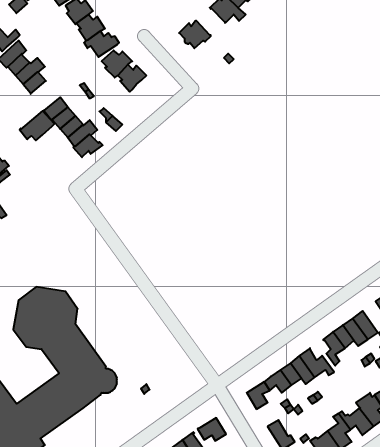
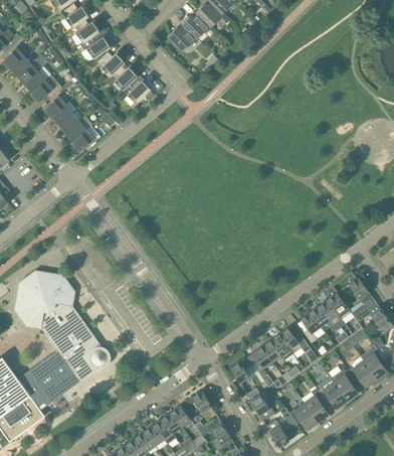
building: none -> [180,13,211,38]
building: none -> [123,80,151,104]
building: [20,111,54,140] -> [30,75,62,103]

